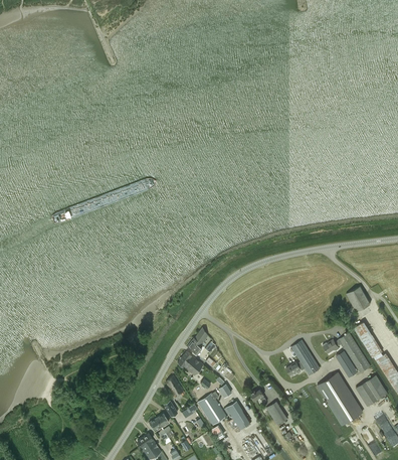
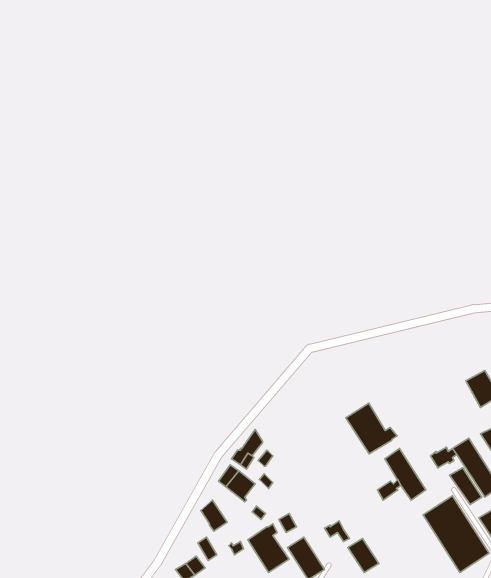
building: none -> [346,403,397,454]

